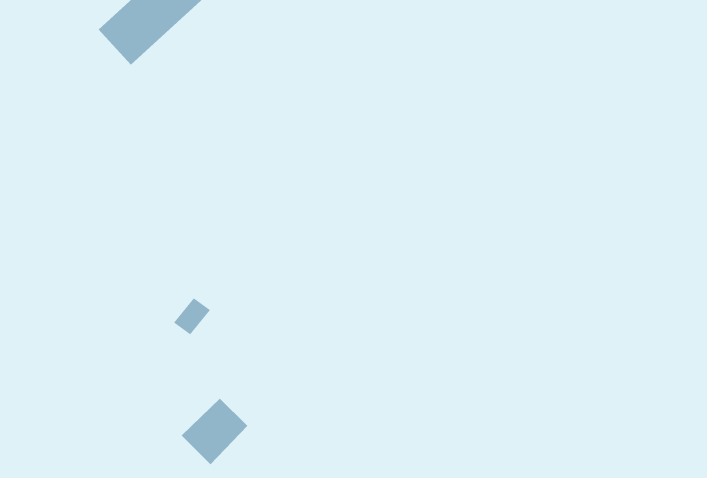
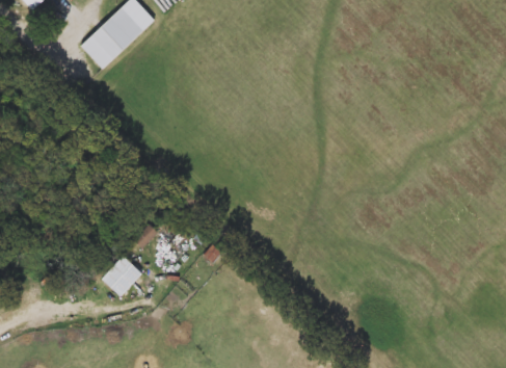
building: [181,398,248,465] -> [97,255,141,299]

